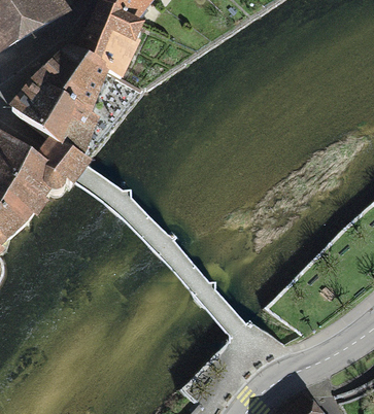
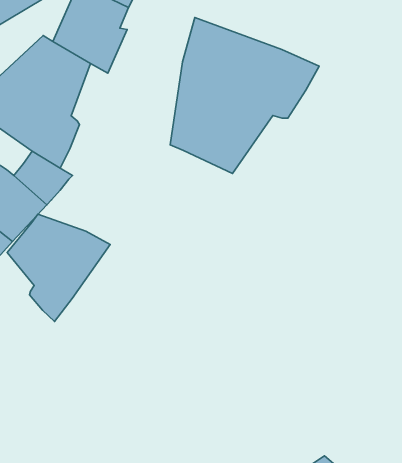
building: none -> [170,17,319,174]
building: none -> [7,214,110,321]

